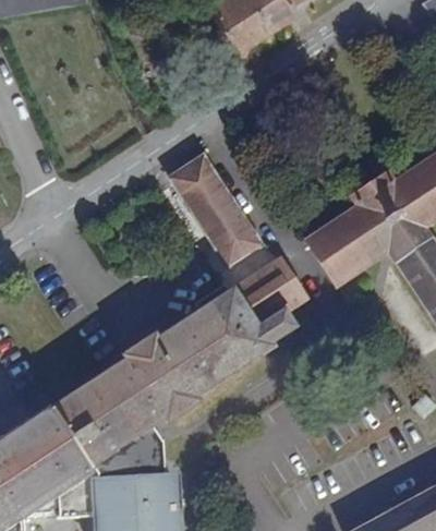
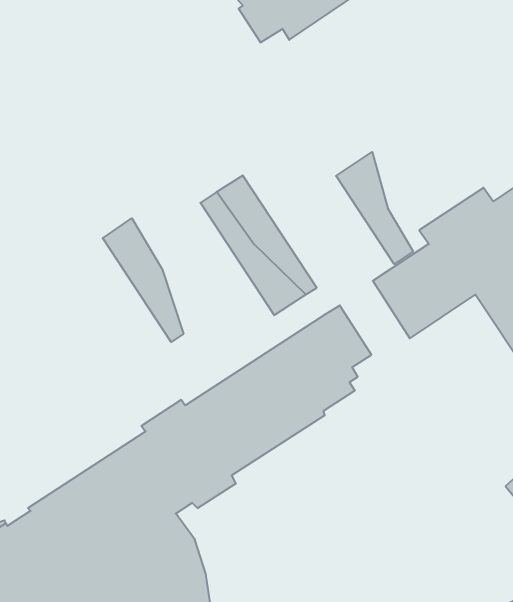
building: none -> [336,152,413,264]
building: none -> [103,218,183,342]

